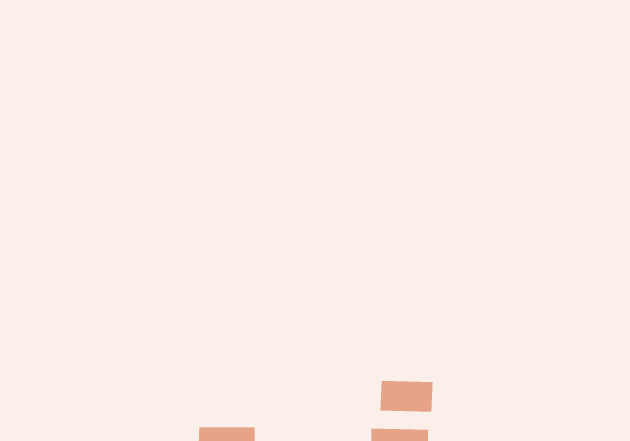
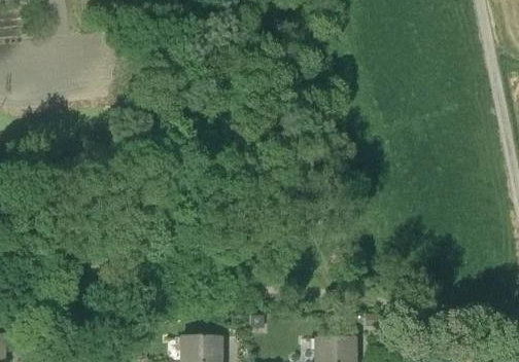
building: [379,380,433,412] -> none

